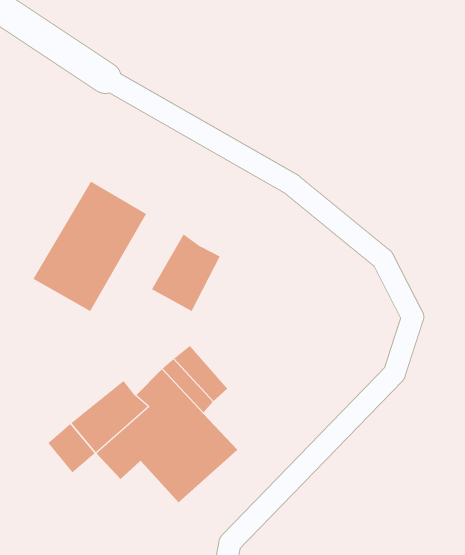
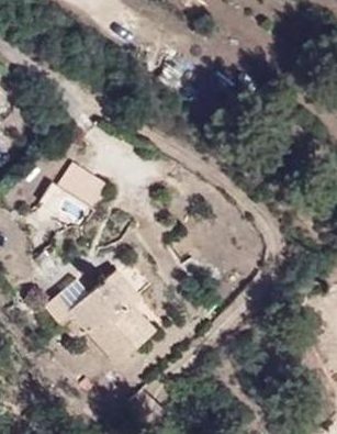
building: [151,234,220,312] -> none

